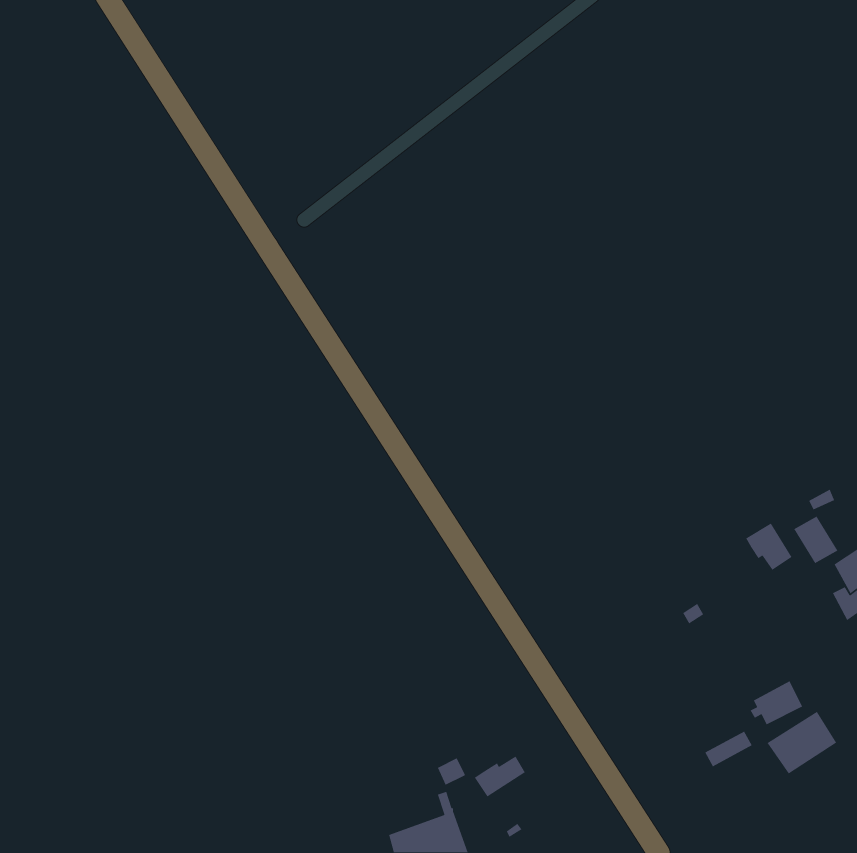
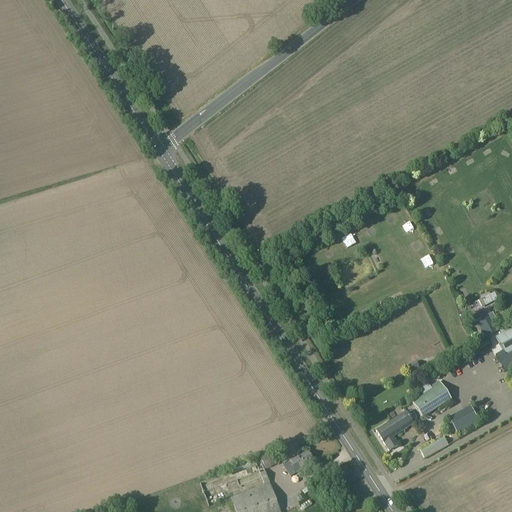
building: [745,522,793,571] -> none
building: none -> [377,410,414,449]
building: [767,711,837,775] -> [410,379,452,417]

